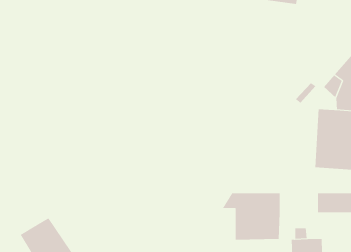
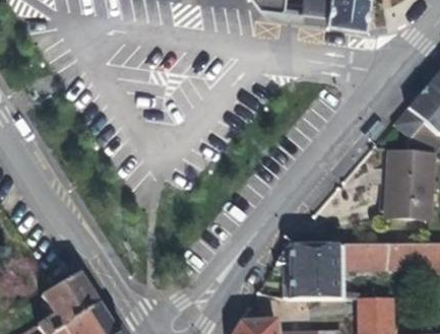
building: none -> [344,247,387,270]

